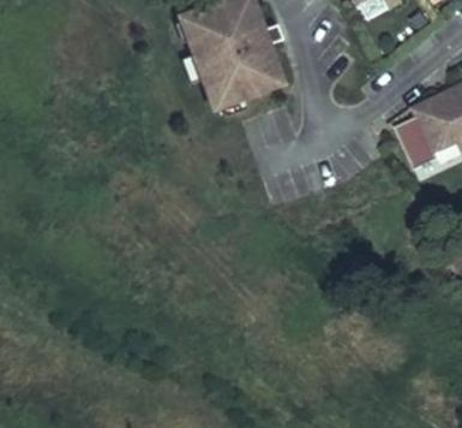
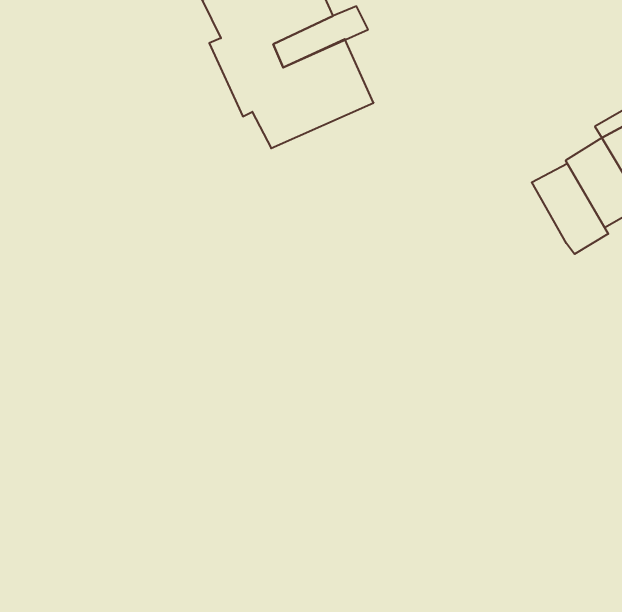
building: none -> [532,163,608,254]

